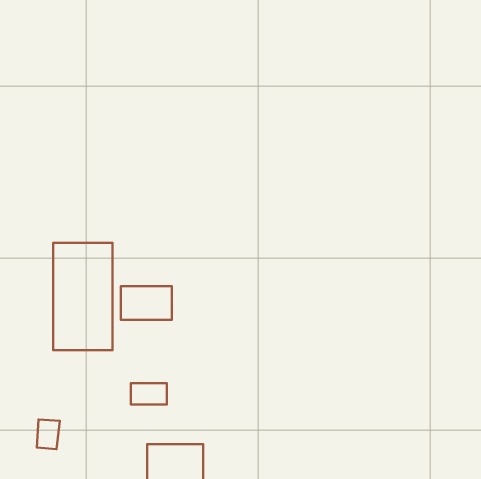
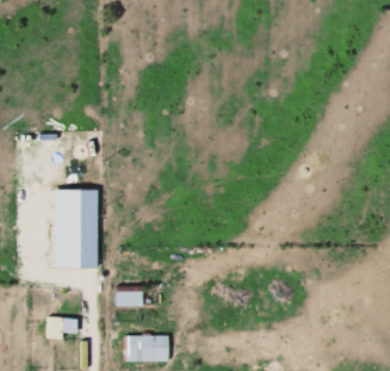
building: [121,286,172,320] -> none

